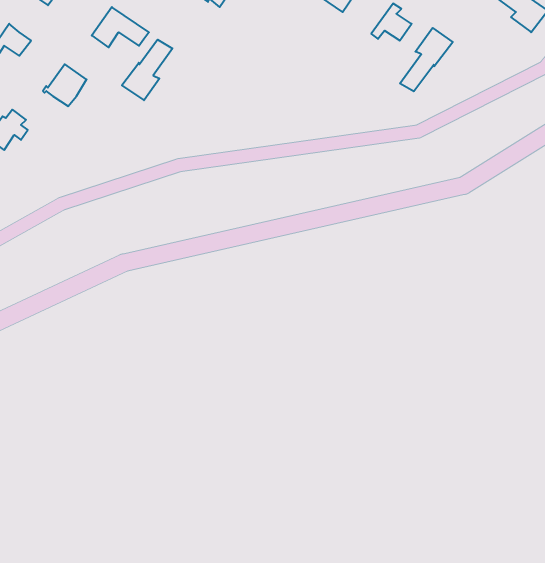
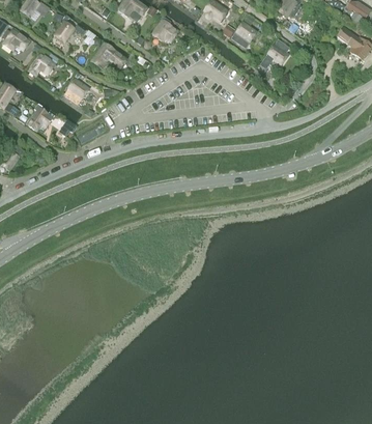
building: [400,28,453,91] -> none
building: [122,40,172,100] -> none

